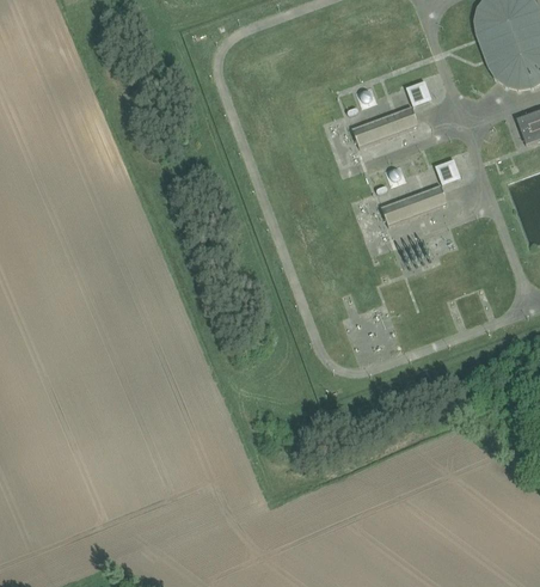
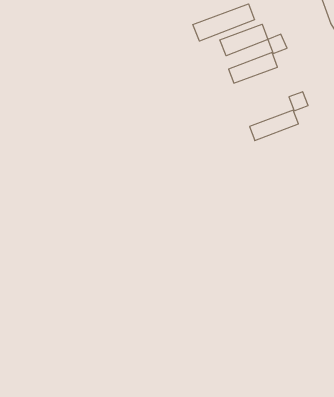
building: none -> [193,4,254,41]
building: none -> [220,24,268,56]

